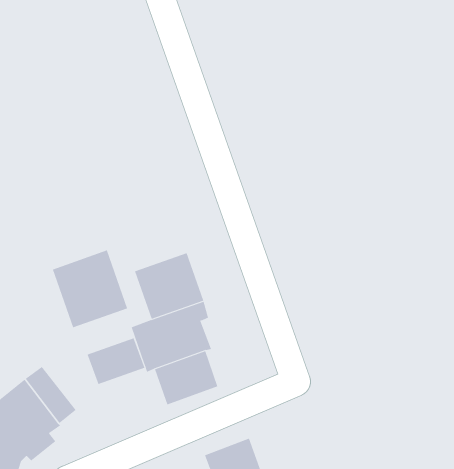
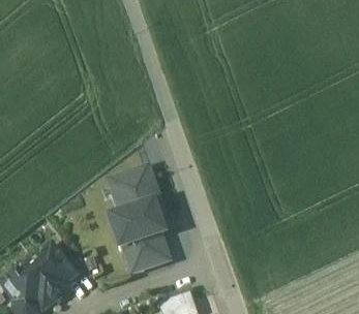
building: [52,250,128,328] -> none
building: [87,338,145,385] -> none

